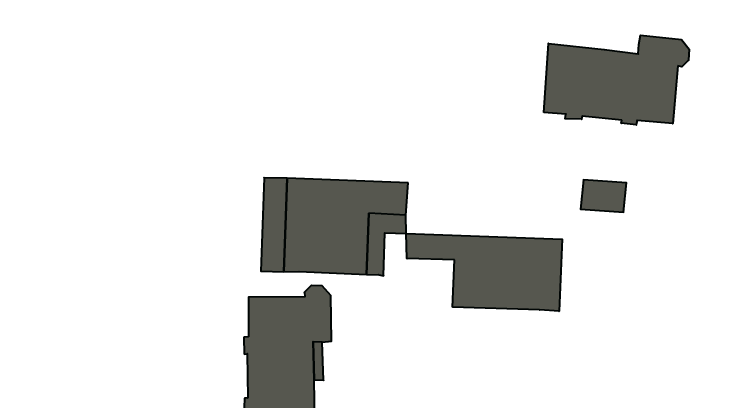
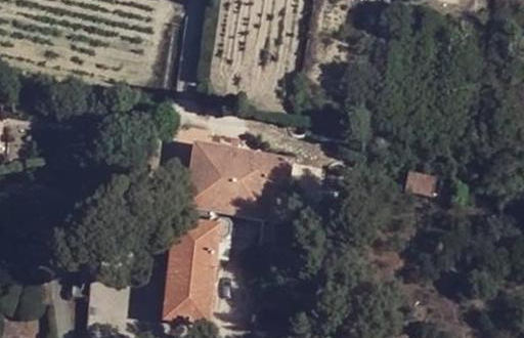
building: [544,35,689,125] -> none
building: [406,234,562,311] -> none

